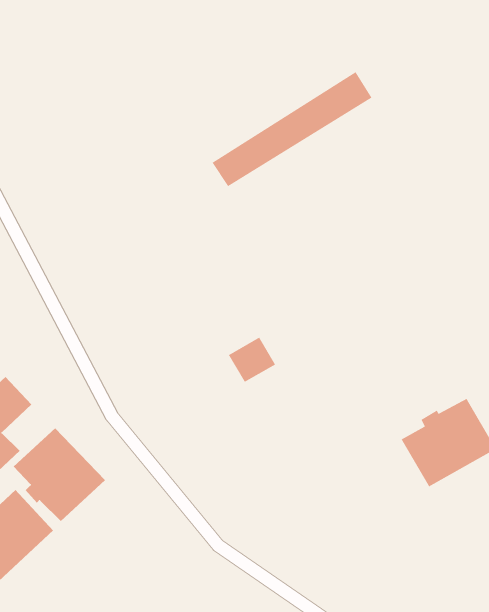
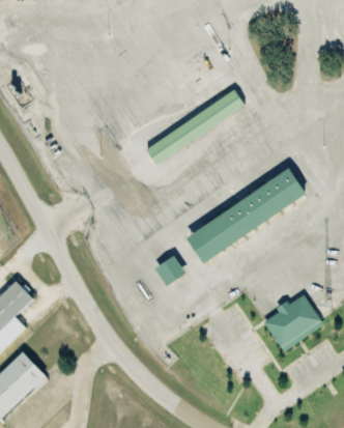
building: none -> [187,167,308,261]
building: [13,428,106,522] -> none

